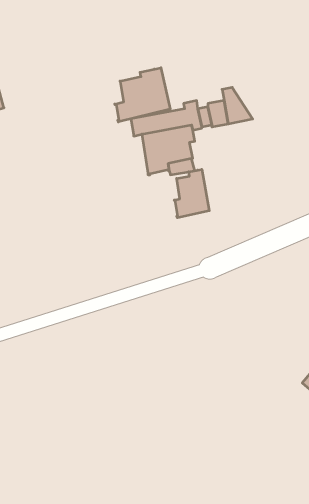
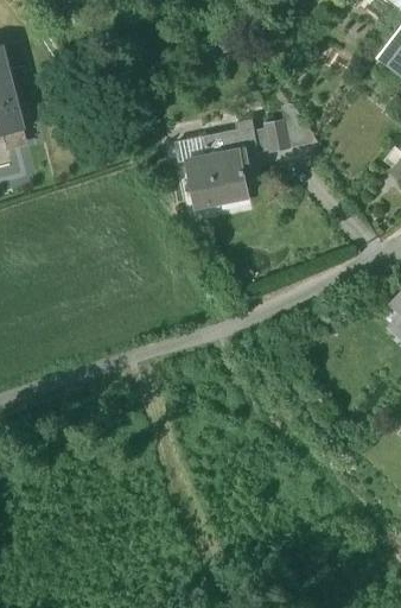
building: [115,68,170,122] -> none
building: [174,169,209,218] -> none

